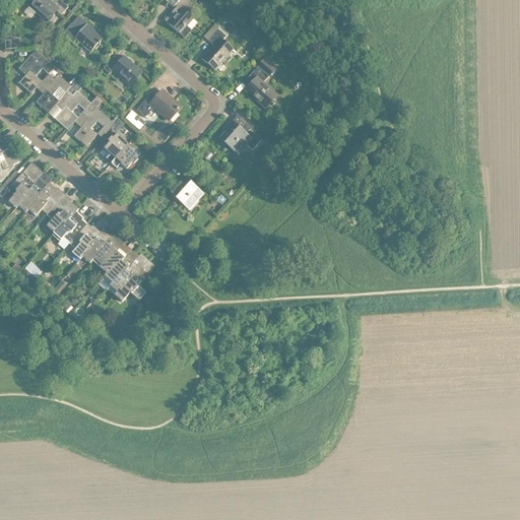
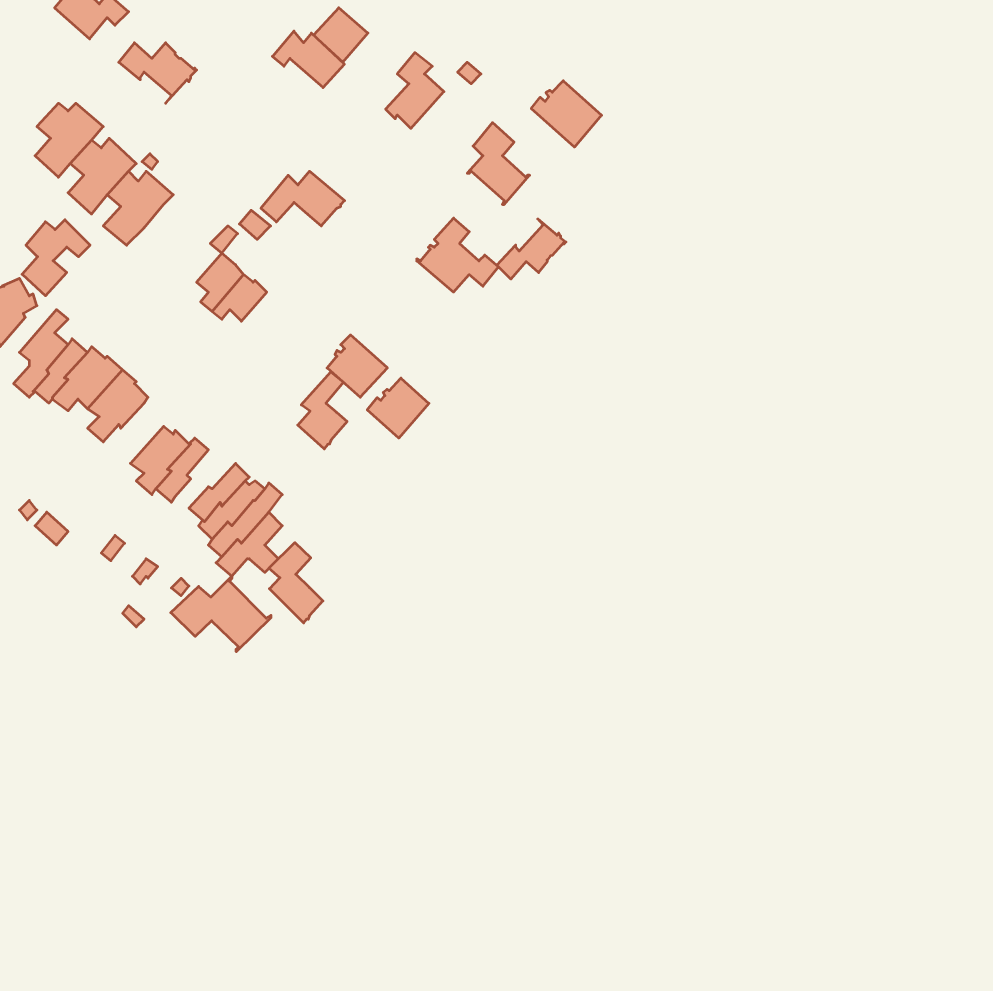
building: none -> [531,81,602,147]
building: [103,54,140,83] -> [272,31,344,88]
building: [73,106,109,145] -> [22,220,90,296]
building: none -> [497,219,566,279]
building: none -> [298,372,347,449]
building: none -> [367,378,429,438]
building: [51,210,85,242] -> none
building: [91,232,123,265] -> none
building: none -> [269,543,323,623]
building: none -> [171,576,271,652]

